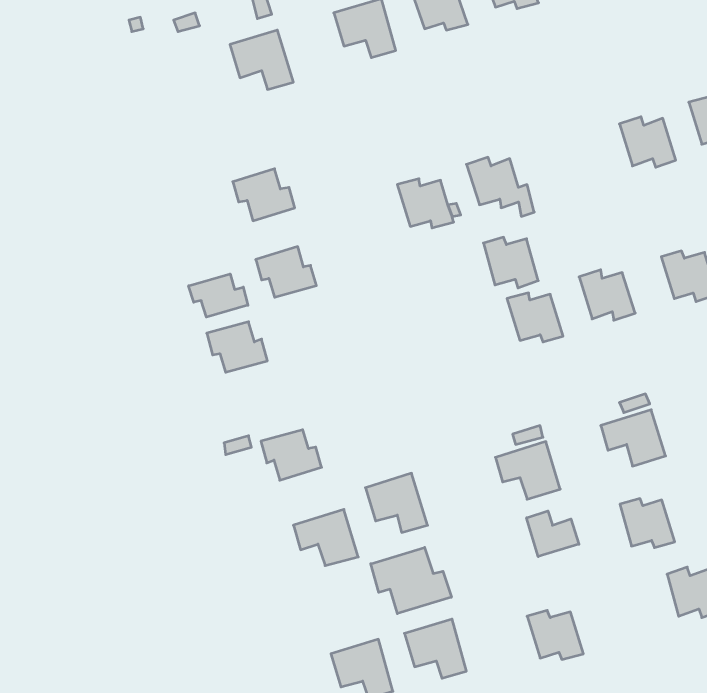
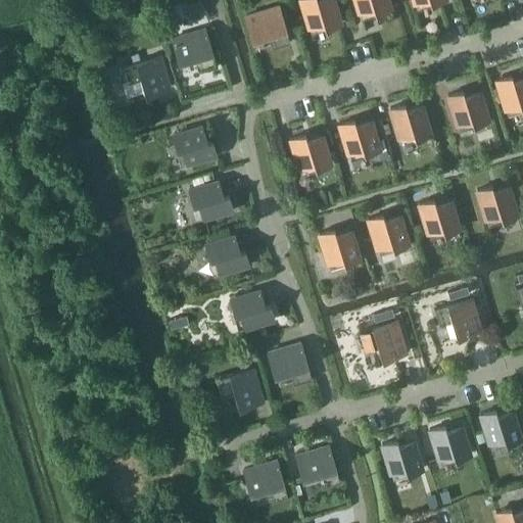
building: none -> [123,57,170,98]
building: none -> [390,105,430,141]
building: [483,237,538,288] -> [320,231,359,267]
building: [189,274,248,317] -> none
building: [207,322,267,372] -> [205,239,248,275]
building: [261,430,322,480] -> [231,293,274,329]
building: [620,499,675,548] -> [430,427,469,462]
building: [527,511,579,557] -> none
building: [371,547,451,614] -> none

